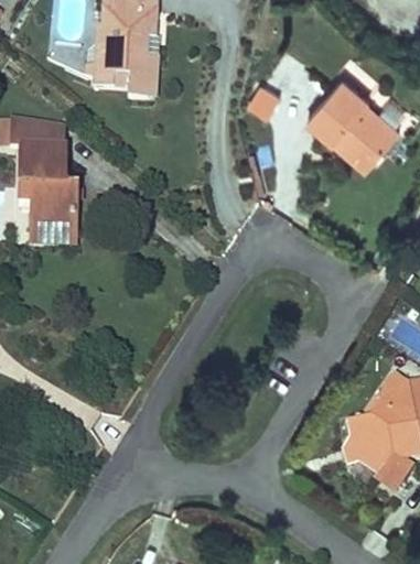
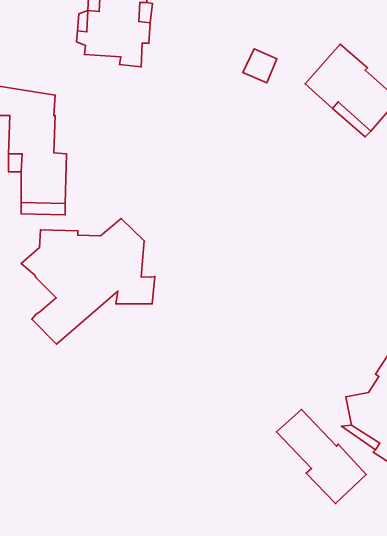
building: none -> [21,218,155,344]
building: none -> [277,410,366,504]

